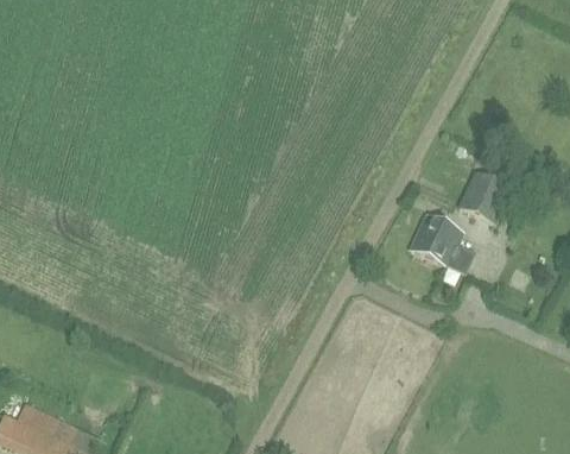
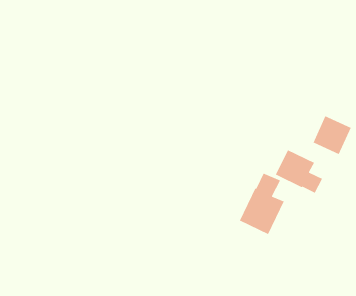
building: none -> [239,172,285,235]

